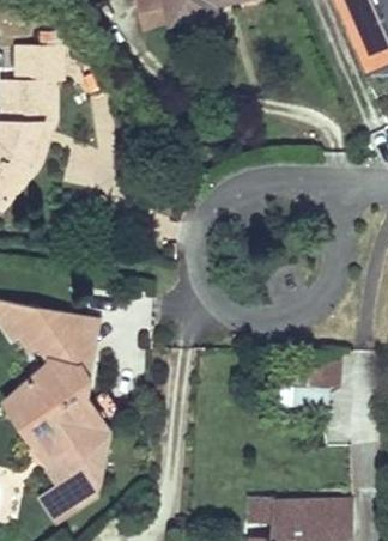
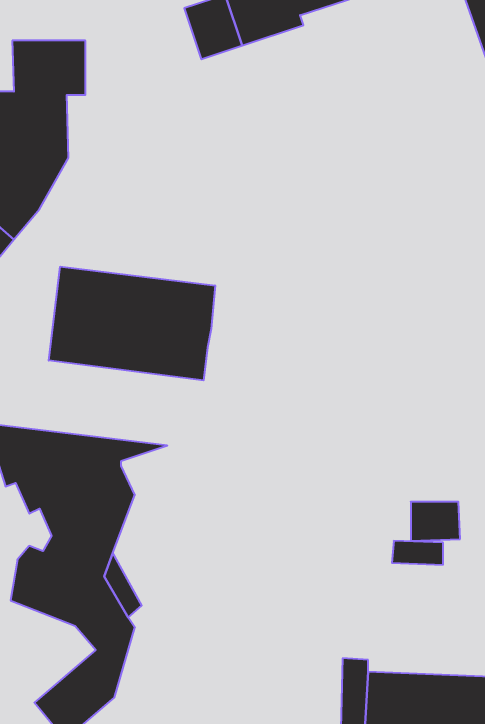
building: none -> [49,267,215,380]

